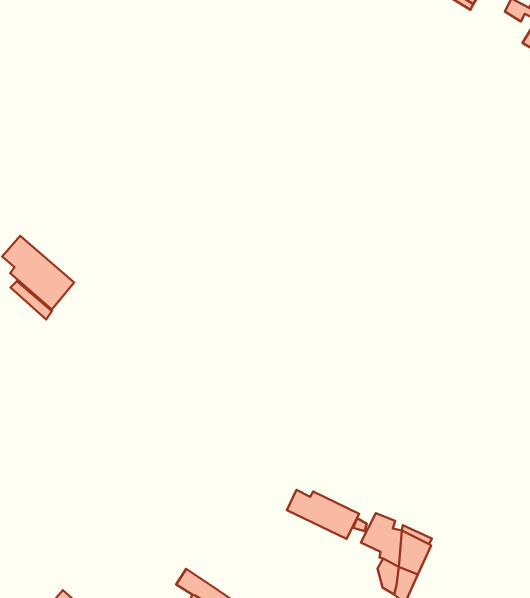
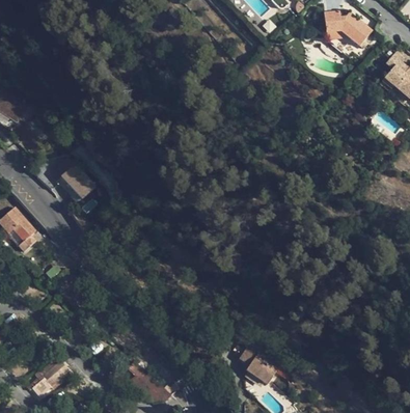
building: [287,490,359,539] -> none

